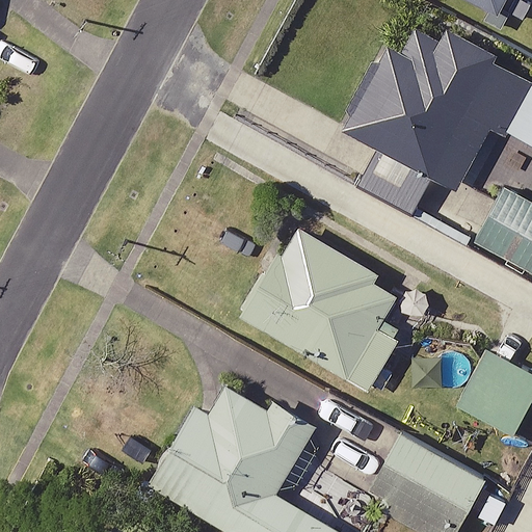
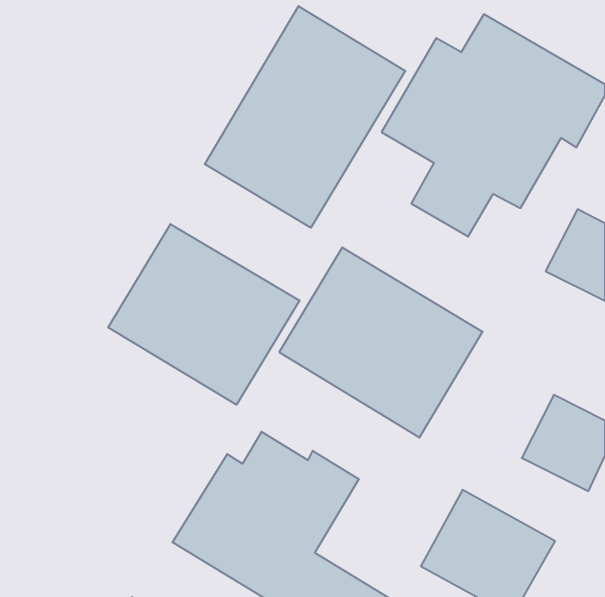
building: none -> [205,6,405,228]
building: none -> [108,224,300,405]

